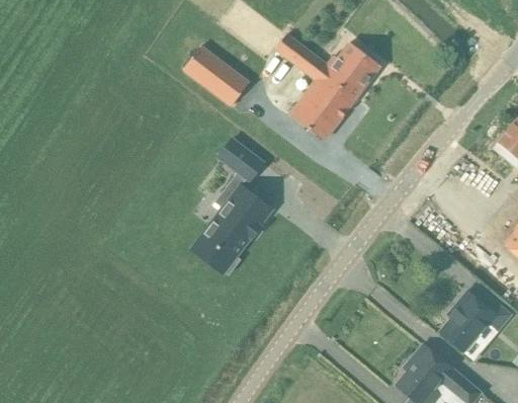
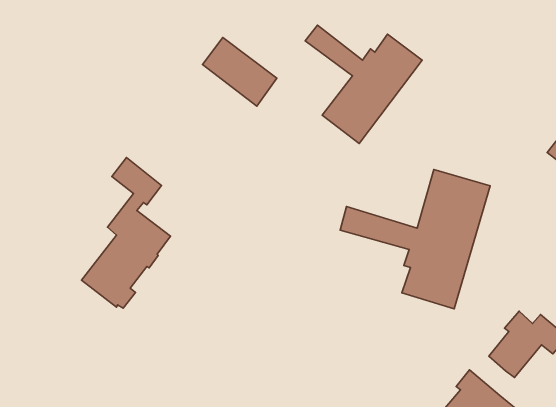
building: [191,138,271,273] -> [82,157,171,308]
building: none -> [340,169,490,309]

